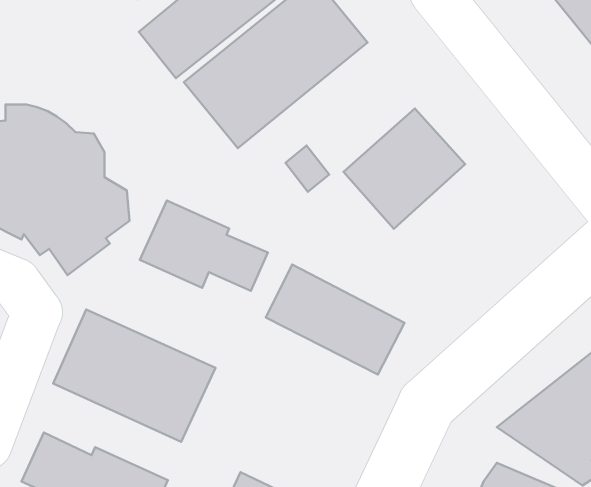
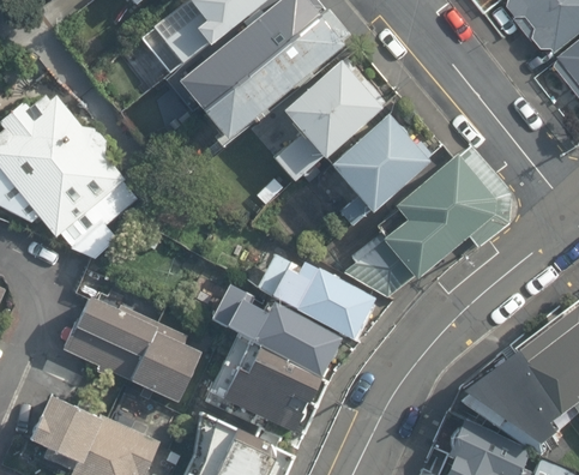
building: none -> [275,53,387,163]
building: none -> [346,152,501,299]
building: [140,200,268,291] -> none
building: none -> [216,290,337,432]

